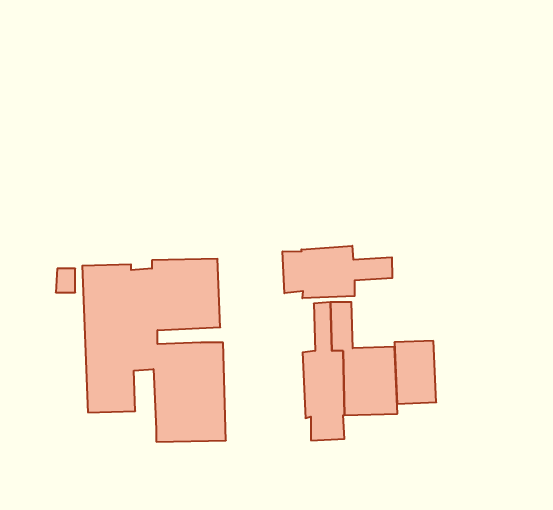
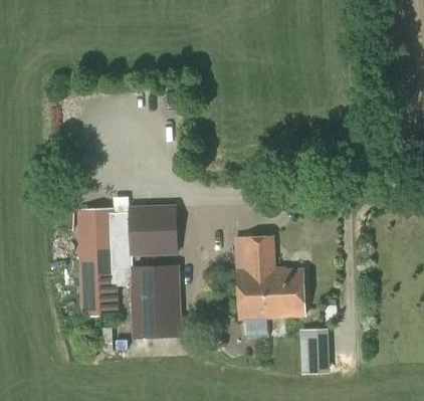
building: [283,246,392,298] -> none
building: [394,341,436,404] -> [298,328,329,373]

